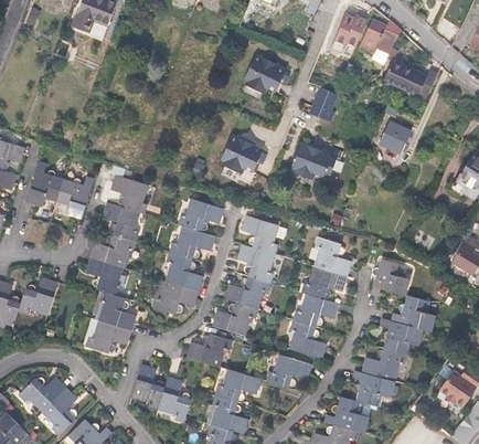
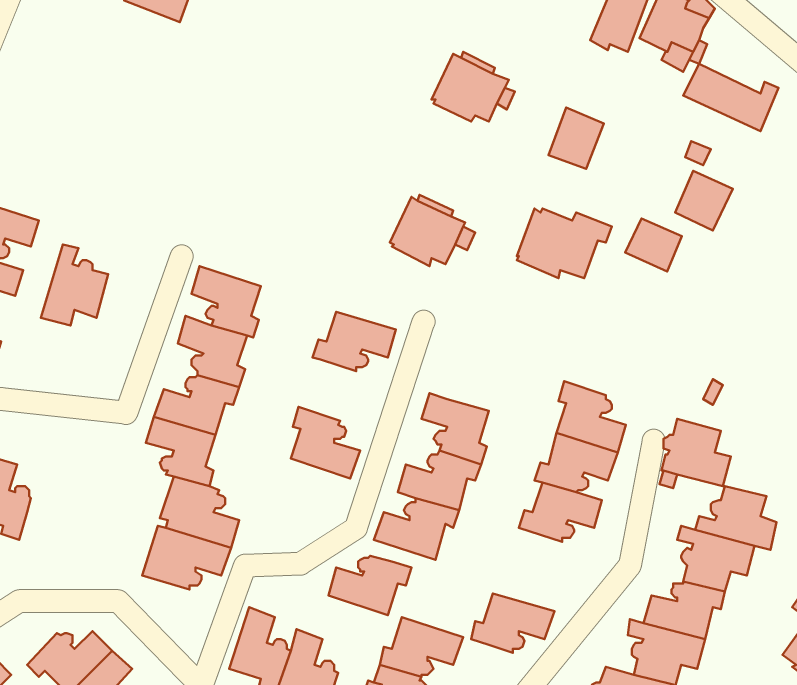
building: none -> [625,219,682,271]
building: [56,176,94,219] -> none
building: [242,214,279,254] -> none
building: [169,225,215,260] -> none
building: [18,277,57,315] -> none
building: [151,281,198,315] -> none
building: [288,319,326,359] -> none

